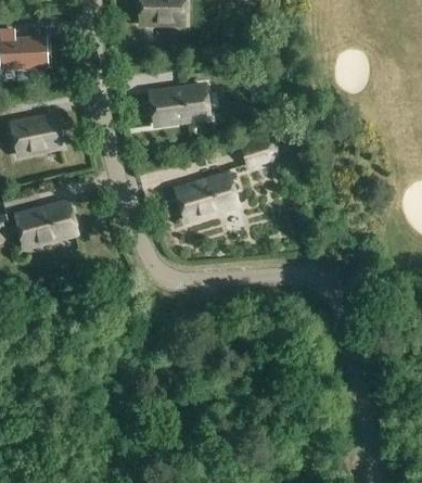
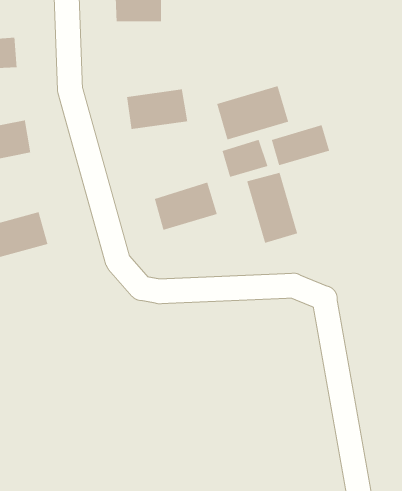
building: none -> [216,85,289,141]
building: none -> [271,124,330,166]
building: none -> [246,172,298,244]

